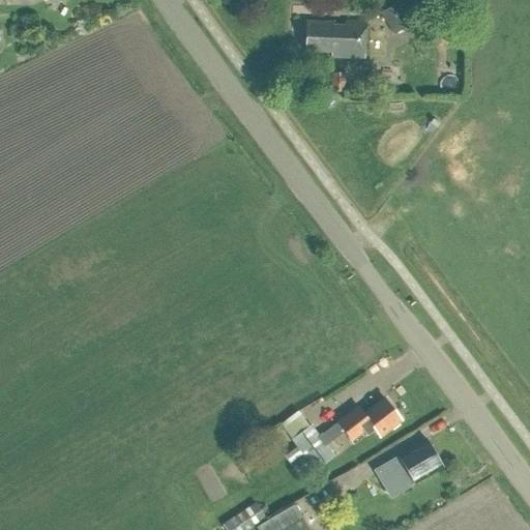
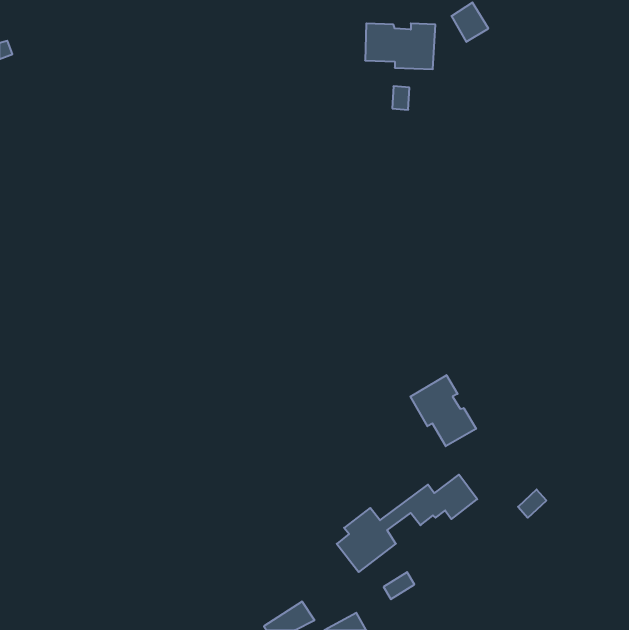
building: none -> [410,375,476,446]
building: [373,439,443,498] -> none

